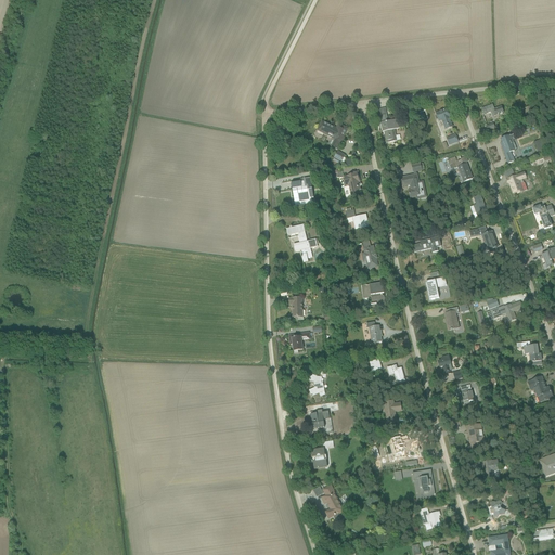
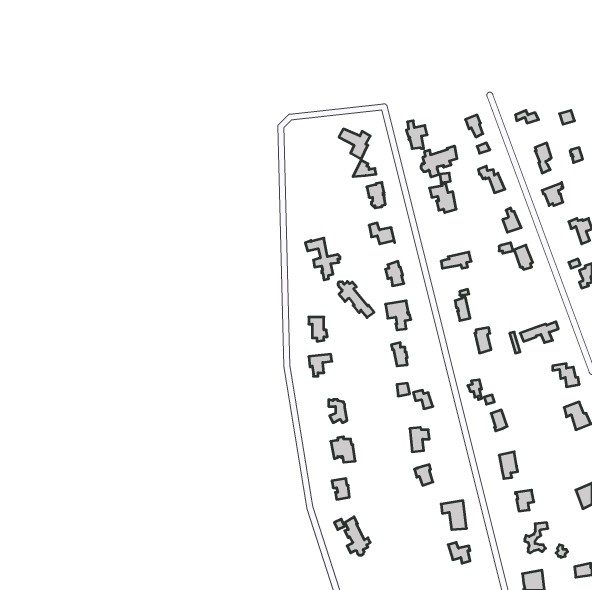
building: none -> [421,146,457,177]
building: [291,176,313,203] -> none
building: none -> [338,281,374,318]

